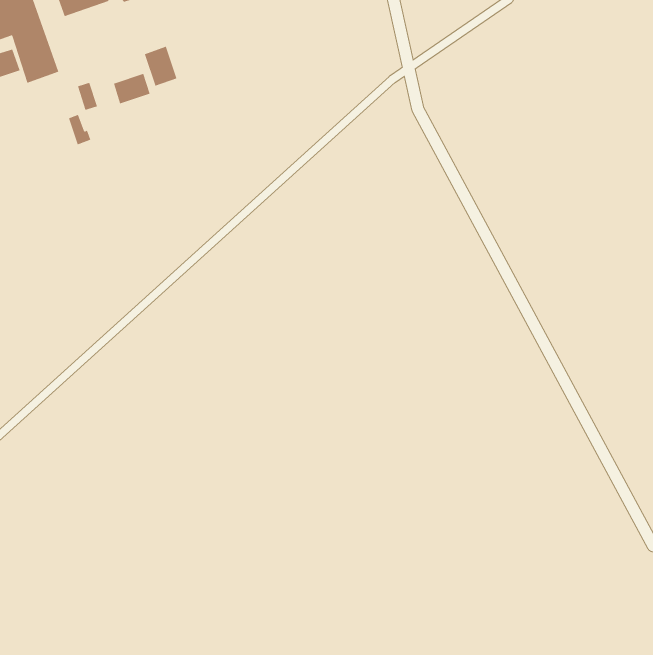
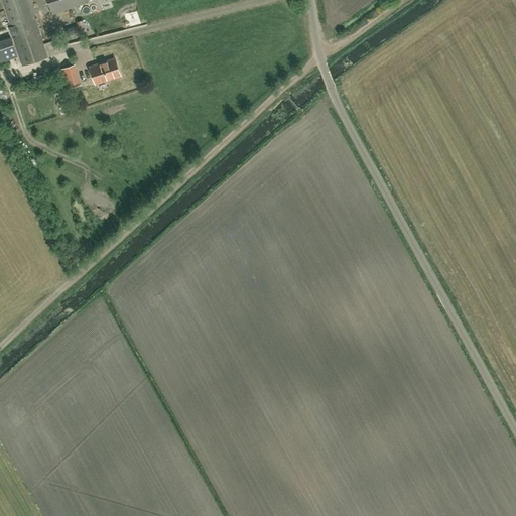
building: [144,46,177,87] -> none

